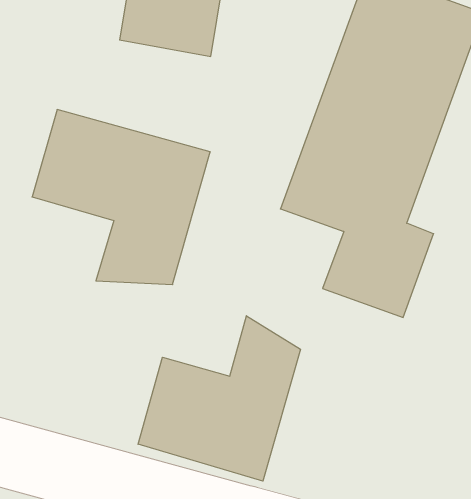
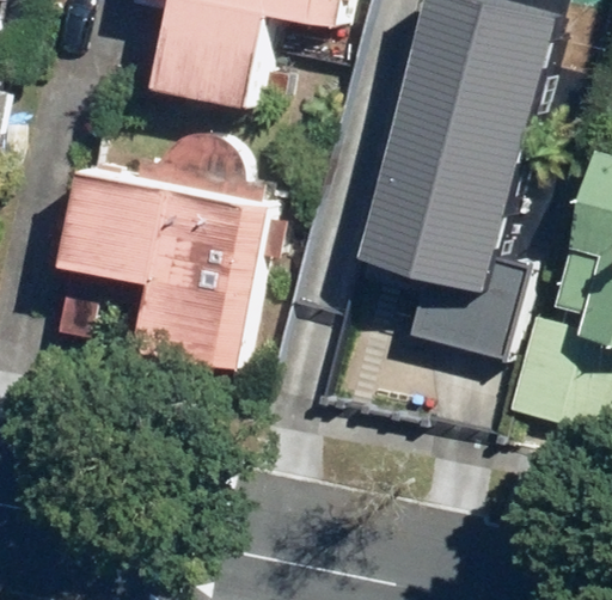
building: [138,316,300,481] -> none

